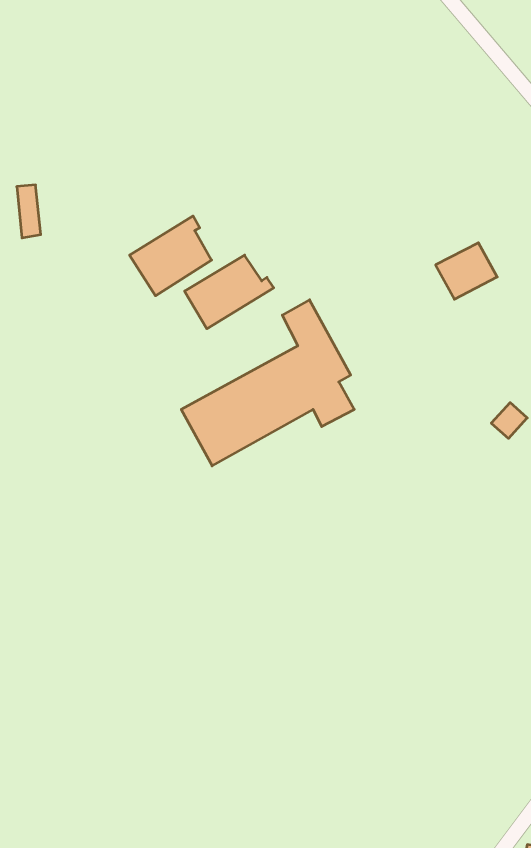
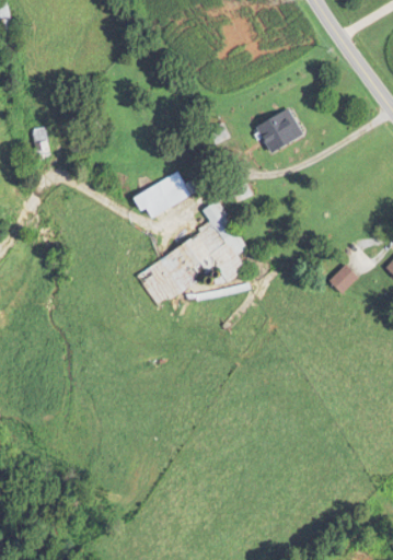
building: [130,216,212,296] -> none
building: [436,243,497,299] -> [264,114,303,150]

